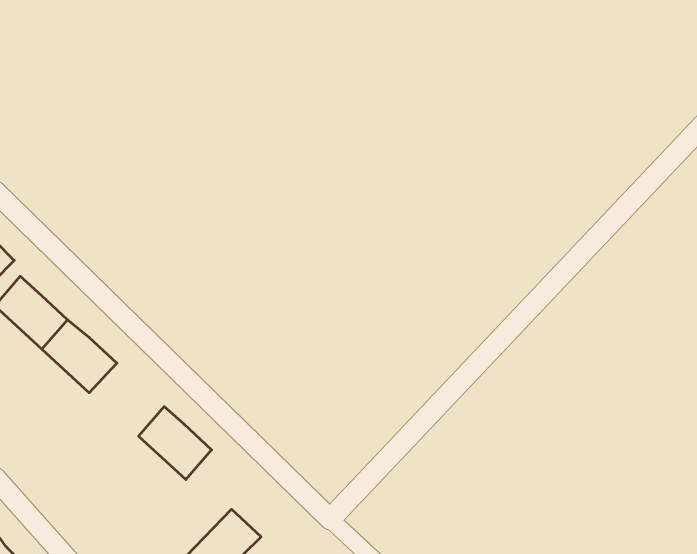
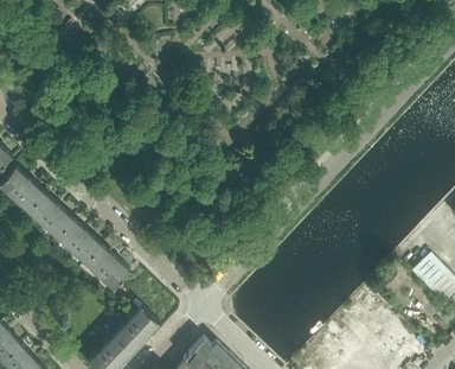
building: none -> [57,220,102,263]

